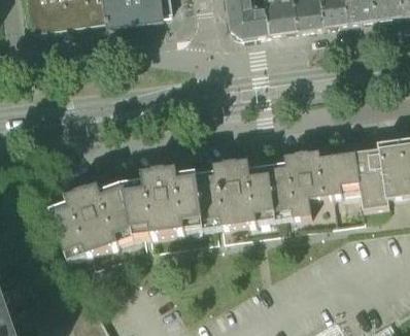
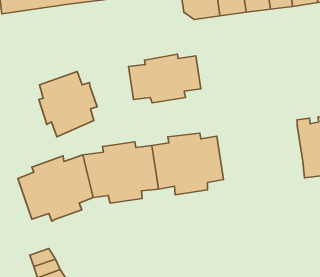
building: none -> [128,54,201,103]
building: none -> [39,72,97,137]
building: [267,153,361,220] -> none

